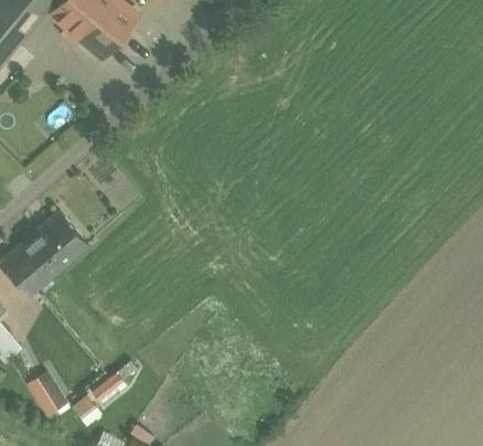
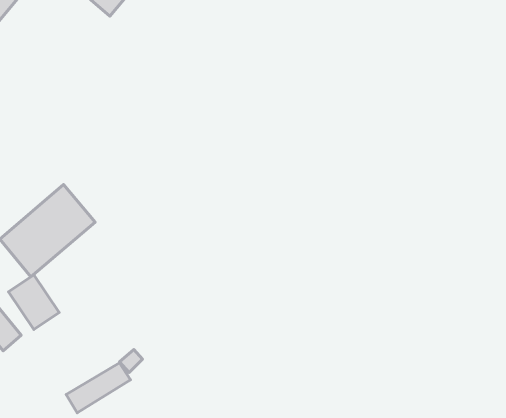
building: [19,368,65,417] -> [8,275,59,329]

